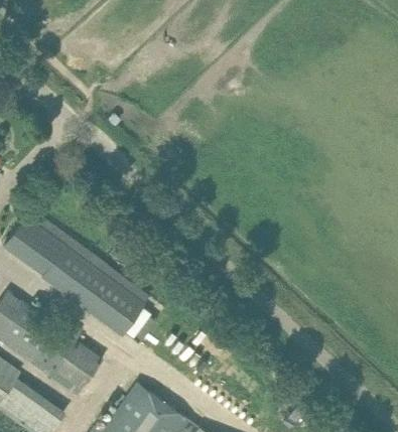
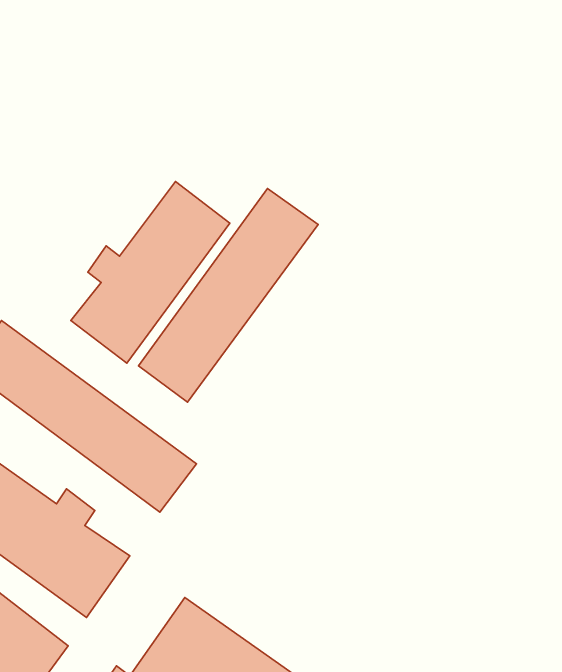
building: none -> [71,182,230,363]
building: none -> [139,188,318,402]

